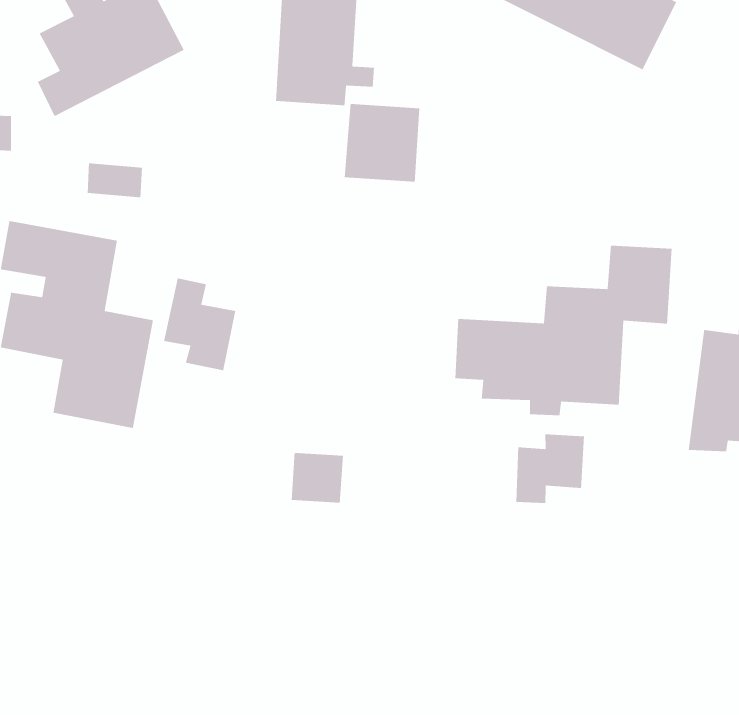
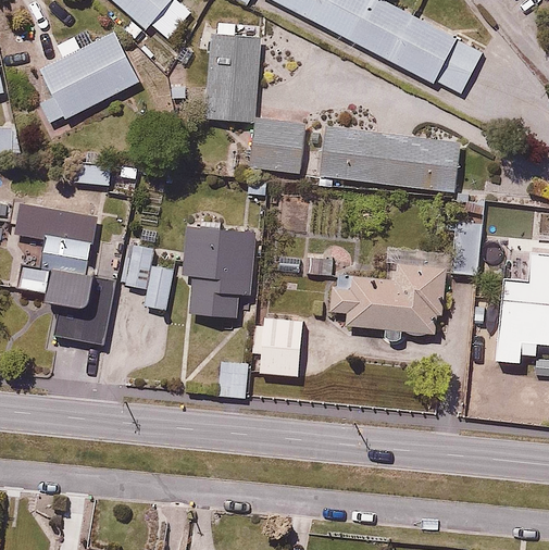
building: none -> [322,127,464,192]
building: none -> [179,222,259,317]
building: none -> [250,315,307,374]
building: [515,433,585,504] -> none

